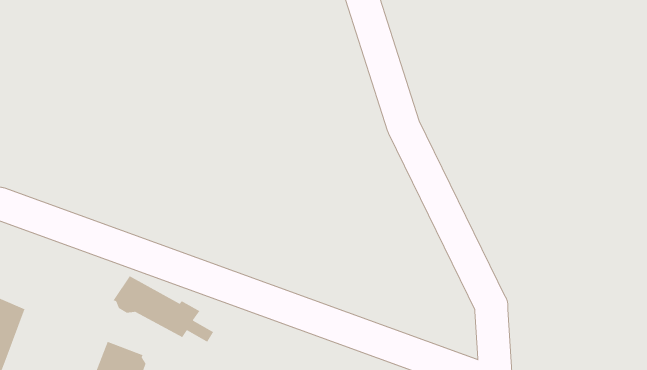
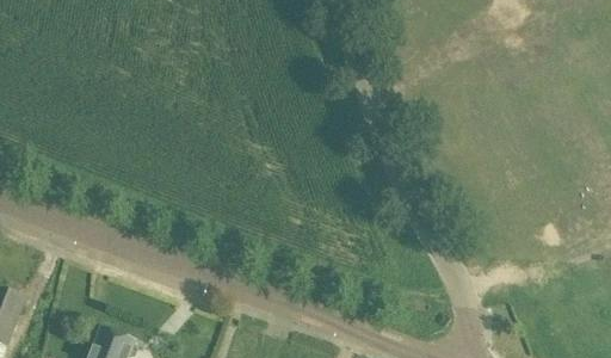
building: [112,275,214,343] -> none

